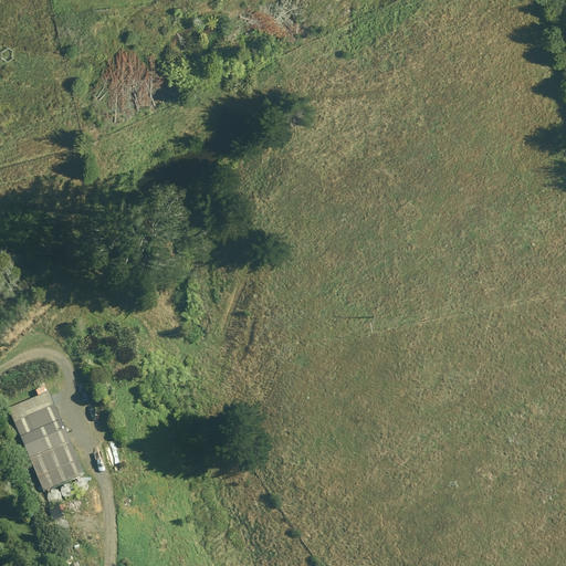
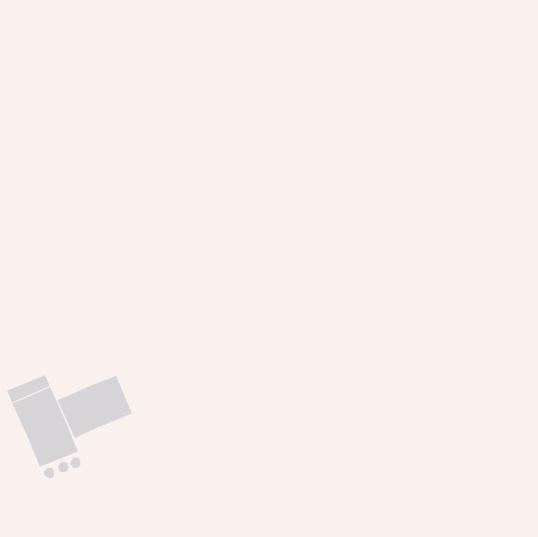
building: none -> [57,375,133,439]

